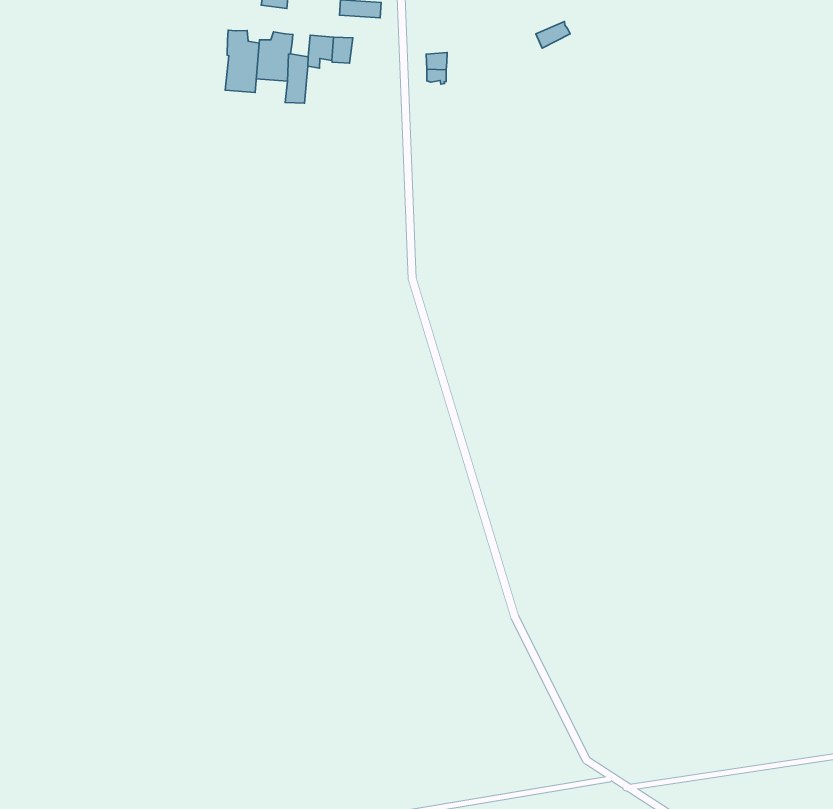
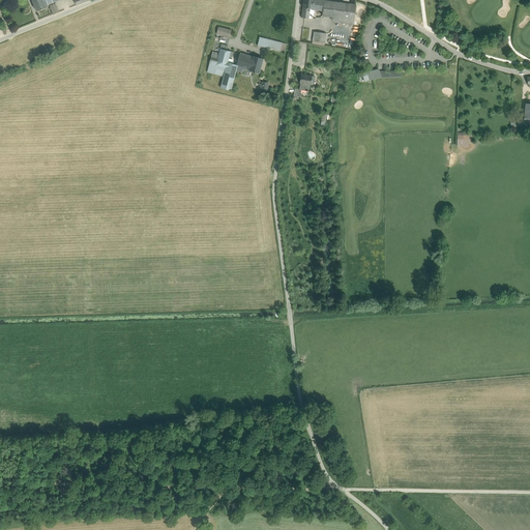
building: [225,30,259,93] -> none

